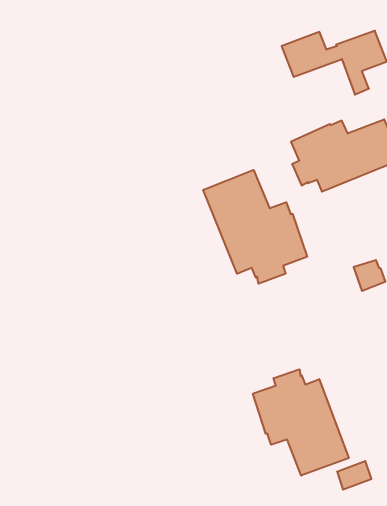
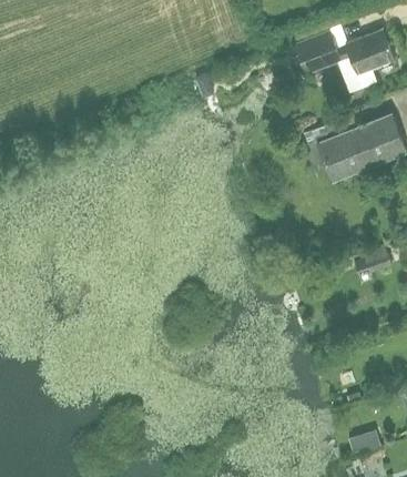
building: [203,170,307,284] -> none
building: [253,369,349,476] -> none

